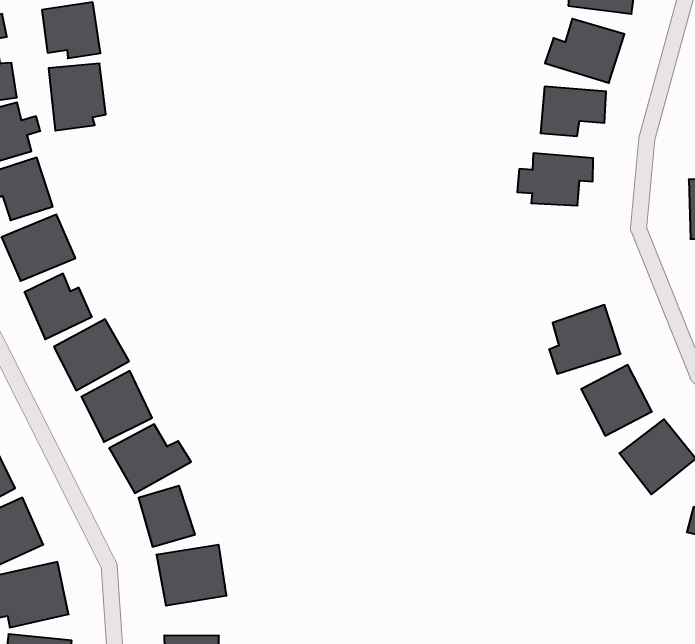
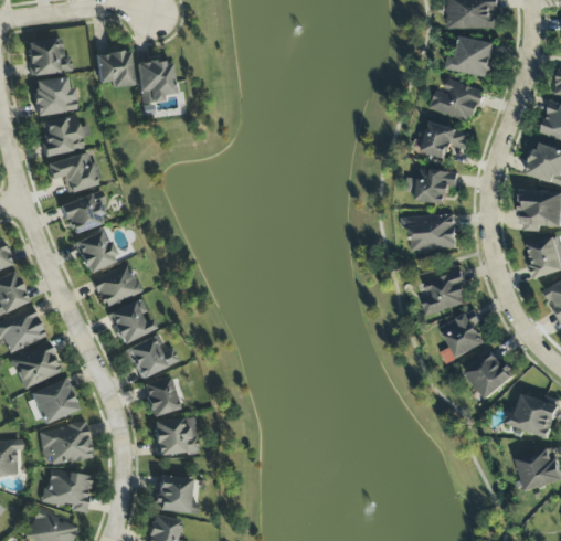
building: [49,64,106,131] -> [138,61,174,104]
building: none -> [402,215,456,252]

